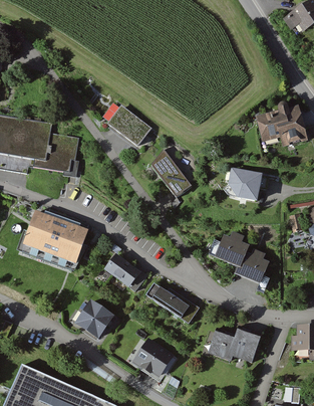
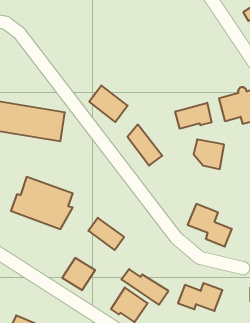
building: none -> [175,103,212,129]
building: [144,280,199,322] -> [121,269,168,305]

